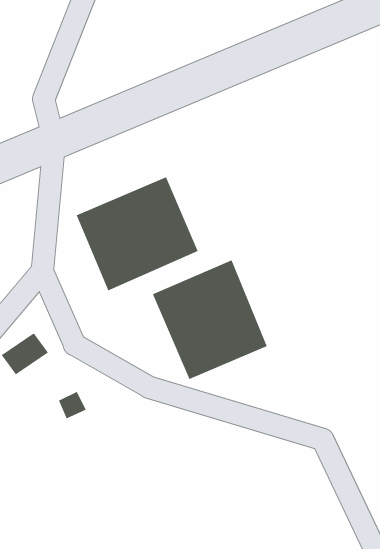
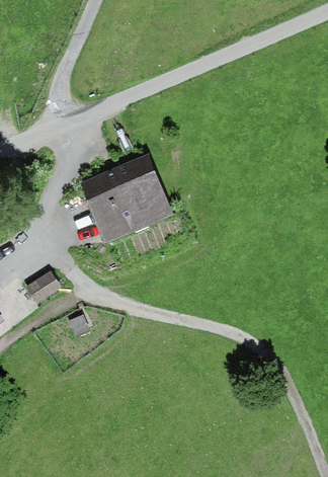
building: [152,259,268,380] -> none

